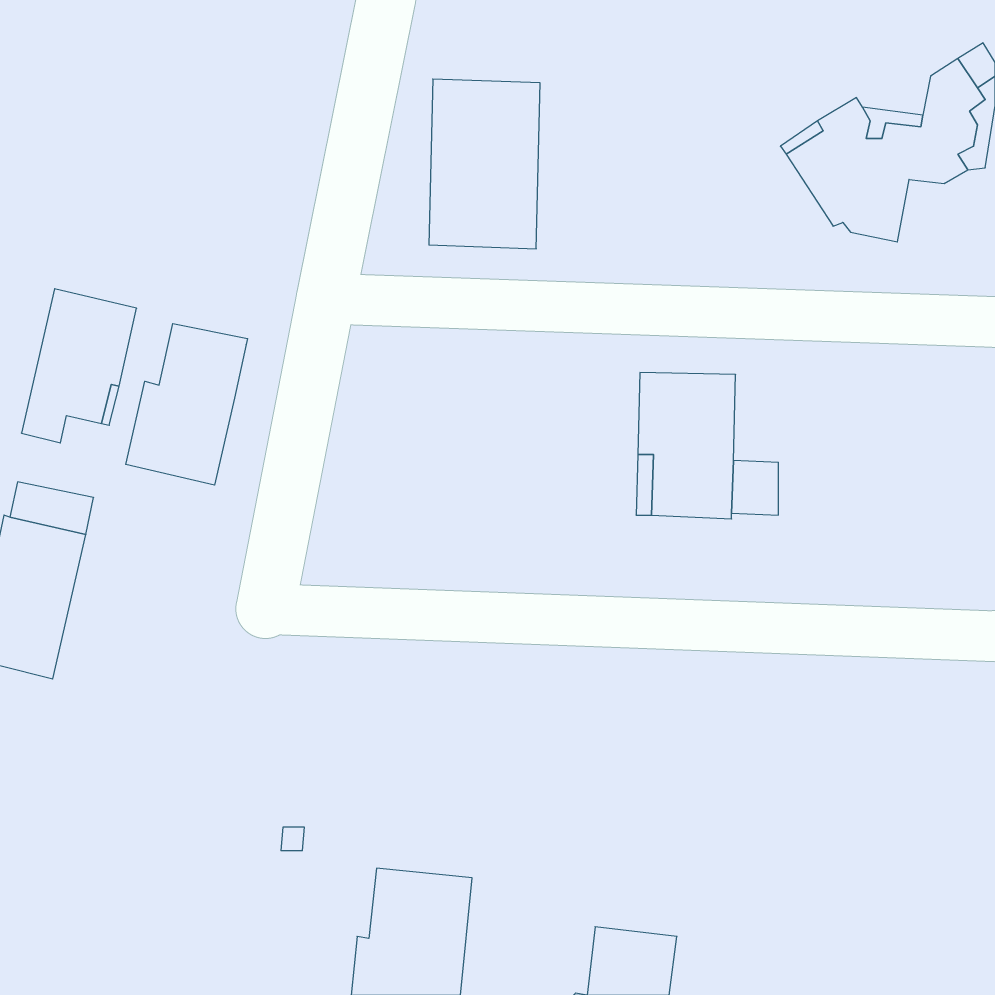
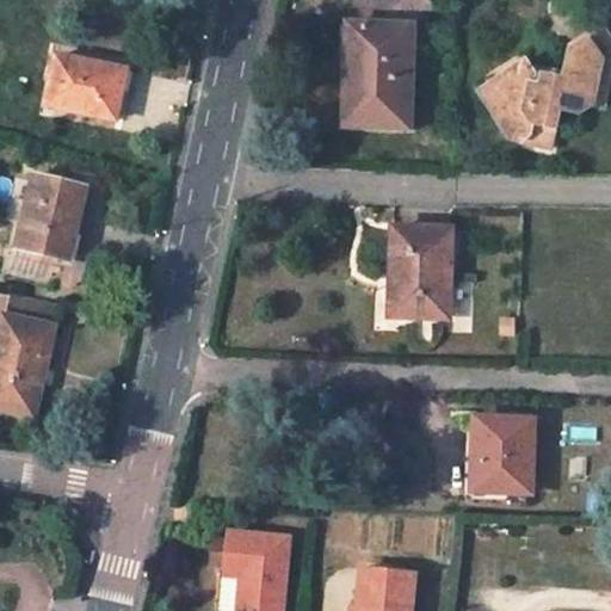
building: [429,79,540,249] -> [344,23,412,126]
building: none -> [45,55,121,119]
building: [126,324,248,485] -> none
building: none -> [471,418,532,492]

